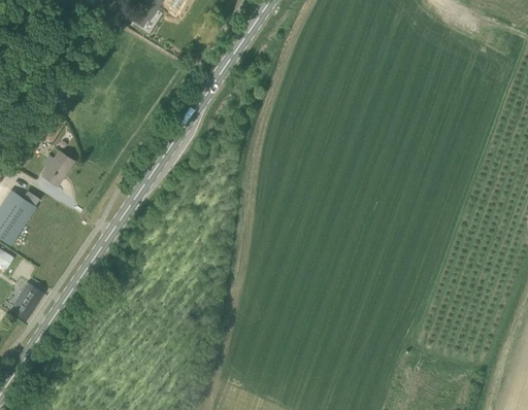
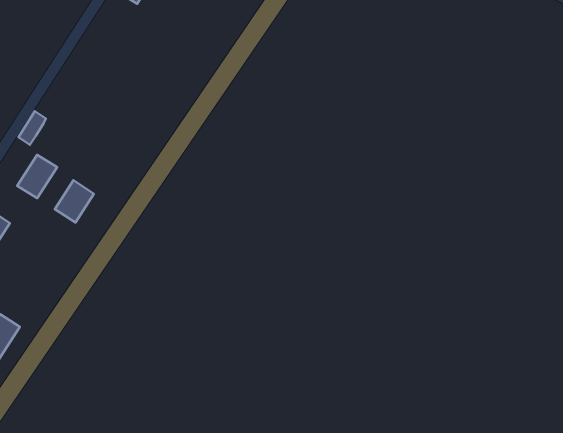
building: none -> [55,180,94,223]

